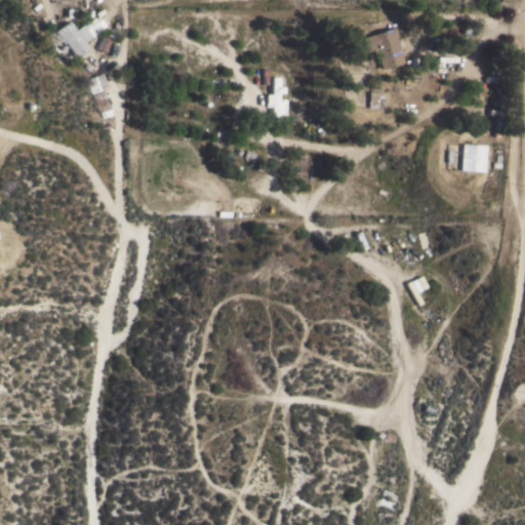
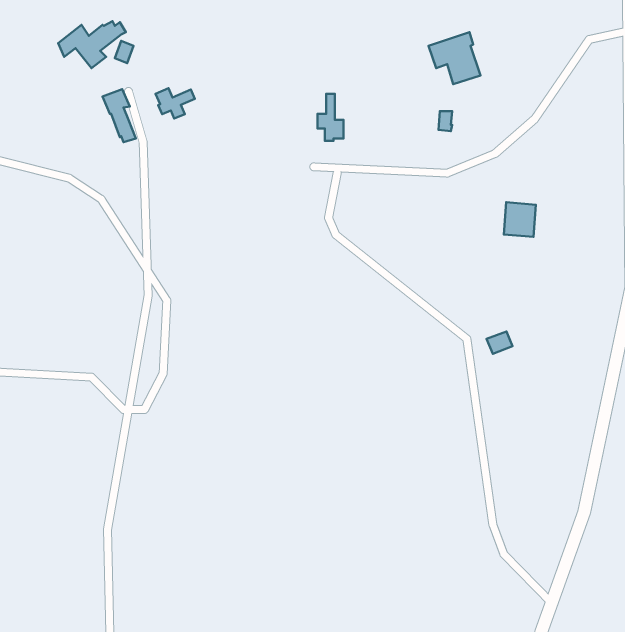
building: none -> [156,88,195,118]
building: [462,144,489,172] -> [504,202,536,237]

